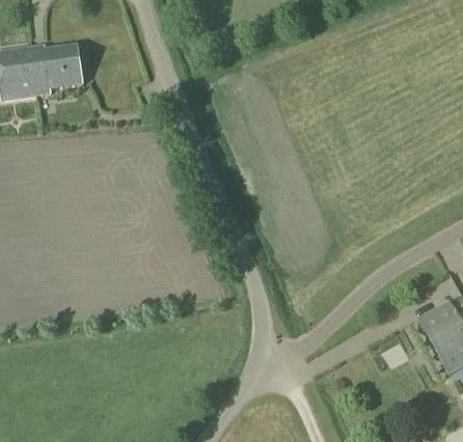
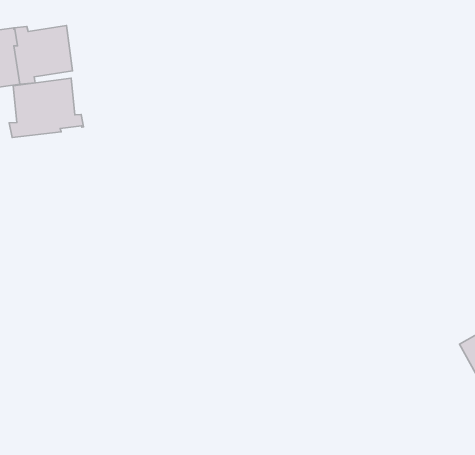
building: none -> [9,78,83,137]

